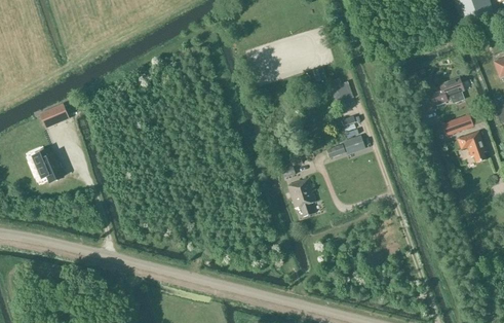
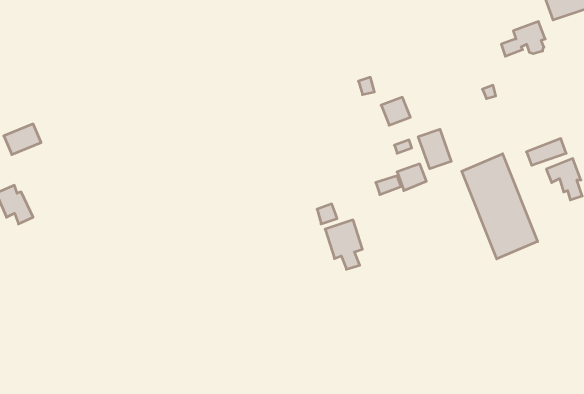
building: [430,75,464,102] -> [501,22,545,56]
building: none -> [418,129,451,169]
building: none -> [462,154,538,259]

